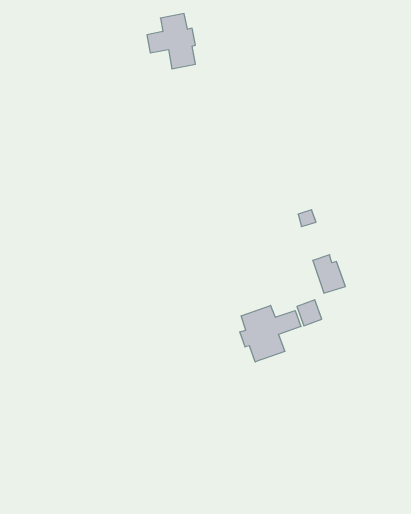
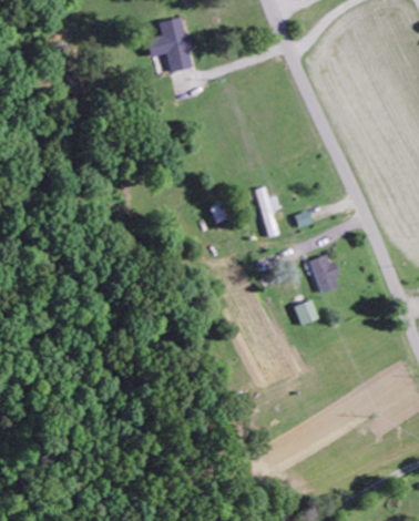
building: none -> [257,186,280,237]
building: [240,305,301,362] -> none

